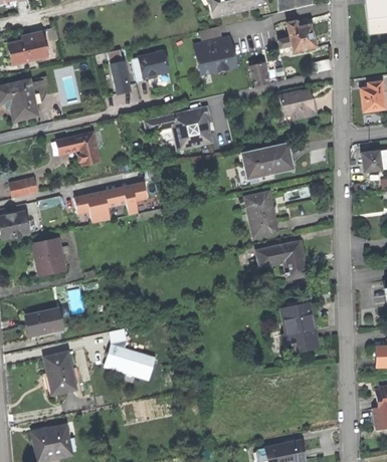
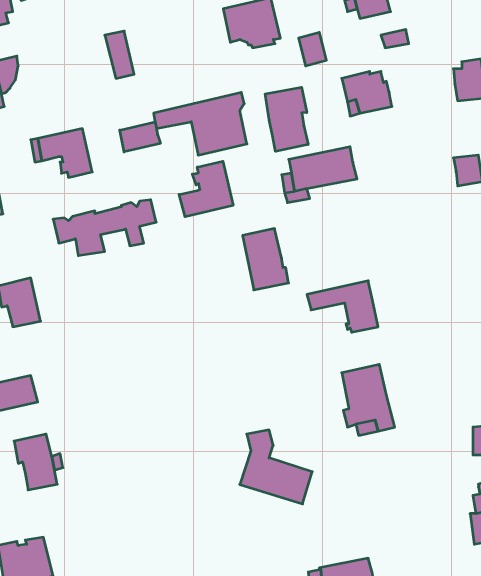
building: [139,51,170,77] -> none
building: none -> [265,87,308,151]
building: none -> [120,122,160,152]
building: none -> [179,161,233,217]
building: [245,193,278,237] -> [243,229,289,290]
building: [106,326,158,380] -> [240,430,312,504]

